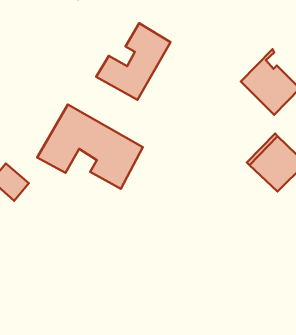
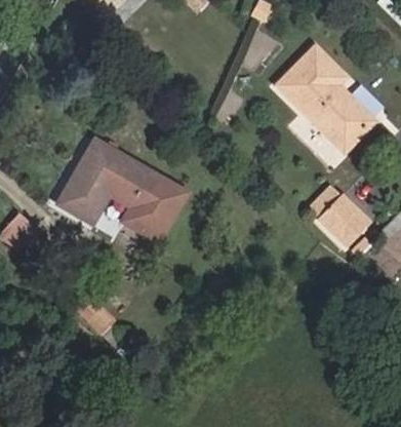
building: [96,23,170,100] -> none
building: none -> [275,45,340,111]

